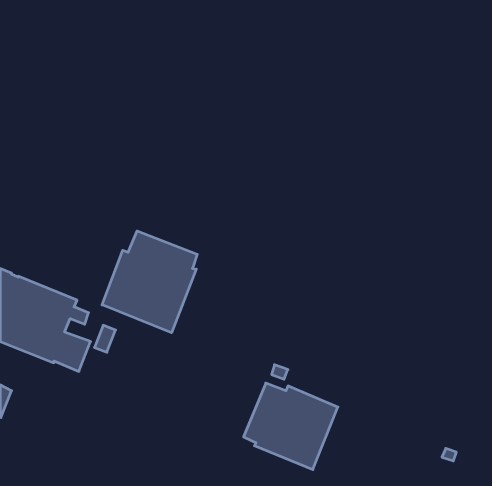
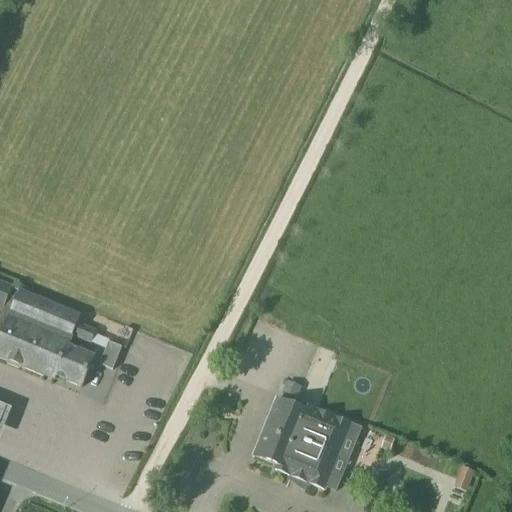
building: [102,231,197,333] -> none

